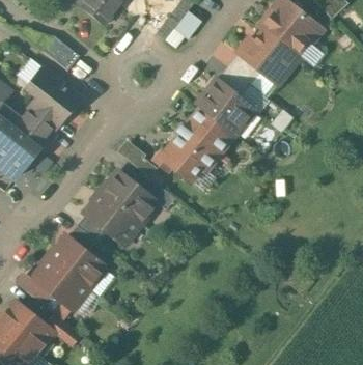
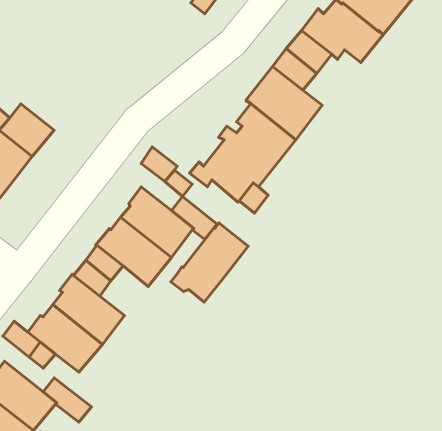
building: [43,36,78,71] -> none
building: [26,68,78,128] -> none
building: none -> [171,223,248,302]

